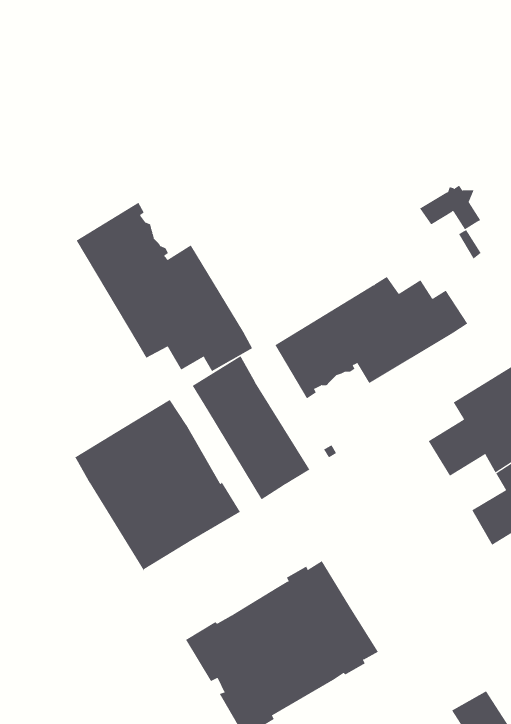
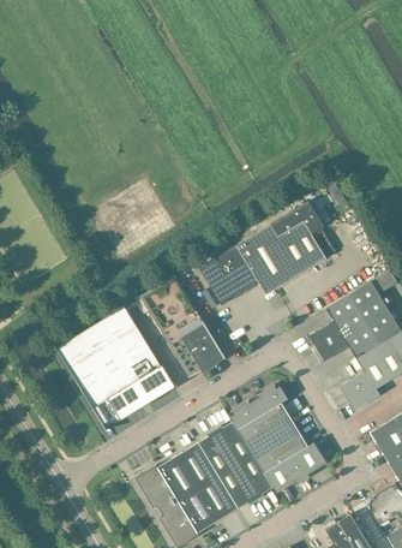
building: [419,185,481,230] -> [280,202,324,234]
building: [76,202,253,372] -> none
building: none -> [230,385,326,493]

